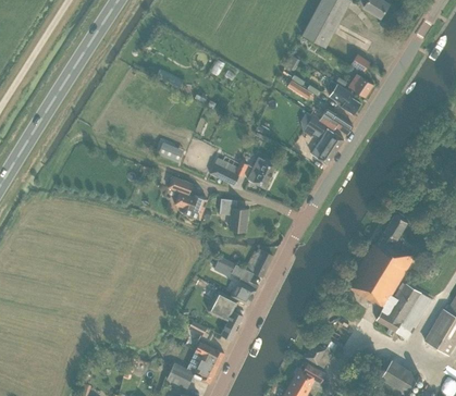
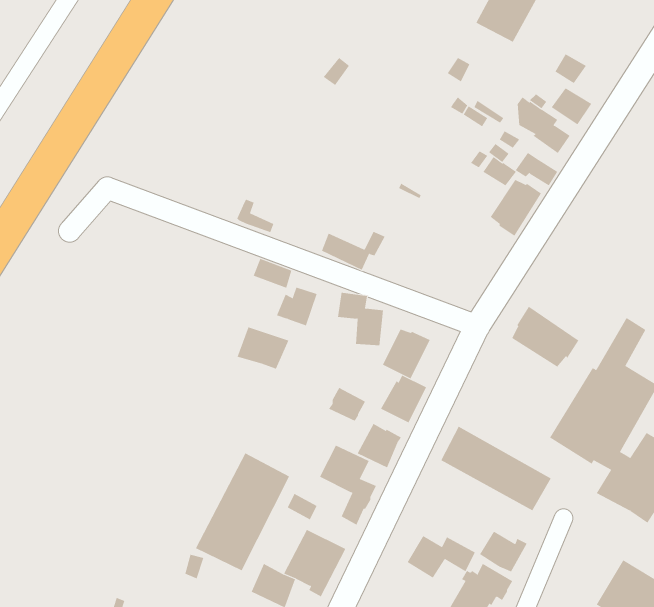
building: [247,157,276,187] -> [382,329,431,379]
building: none -> [512,306,579,368]
building: none -> [237,326,289,369]
building: none -> [441,426,552,511]
building: none -> [195,452,290,571]
building: none -> [407,535,476,579]

